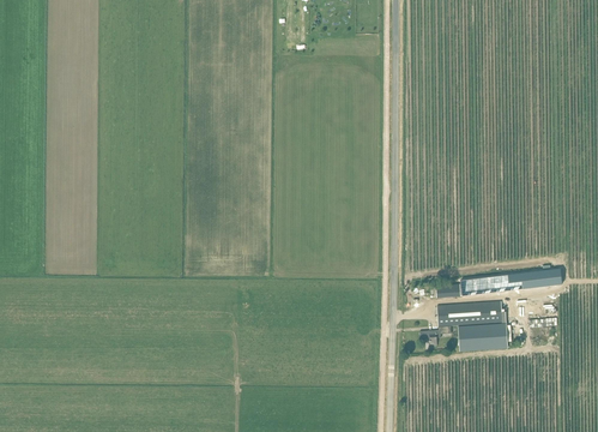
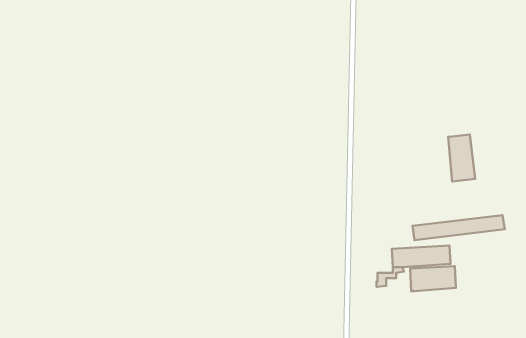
building: none -> [448,134,475,182]

